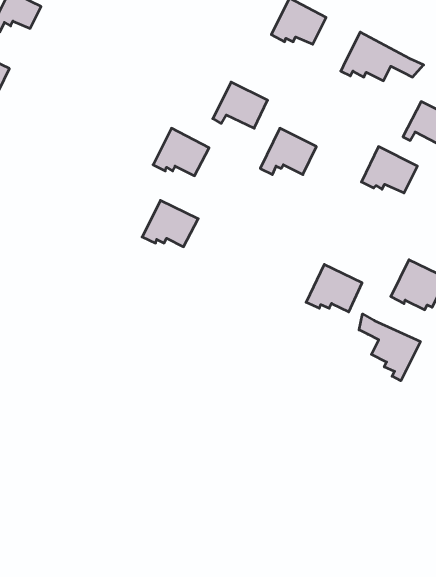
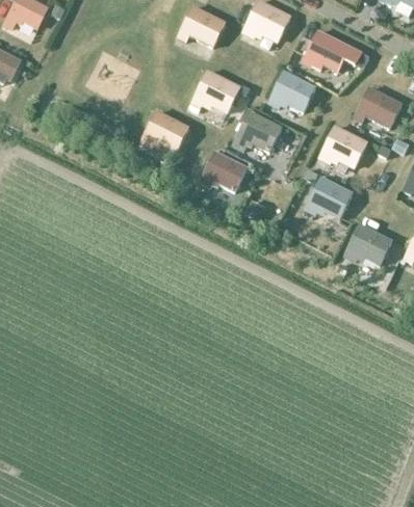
building: none -> [177,6,225,47]
building: none -> [268,71,315,110]
building: [142,200,198,247] -> [200,151,248,190]
building: [306,264,362,312] -> [304,177,352,217]
building: [359,314,420,381] -> none

